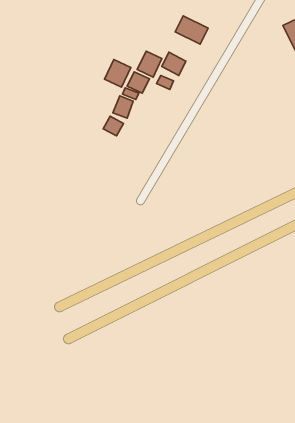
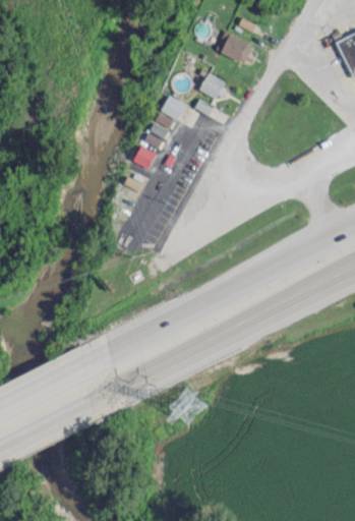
building: [137,51,162,77] -> none
building: [105,59,131,87] -> none

